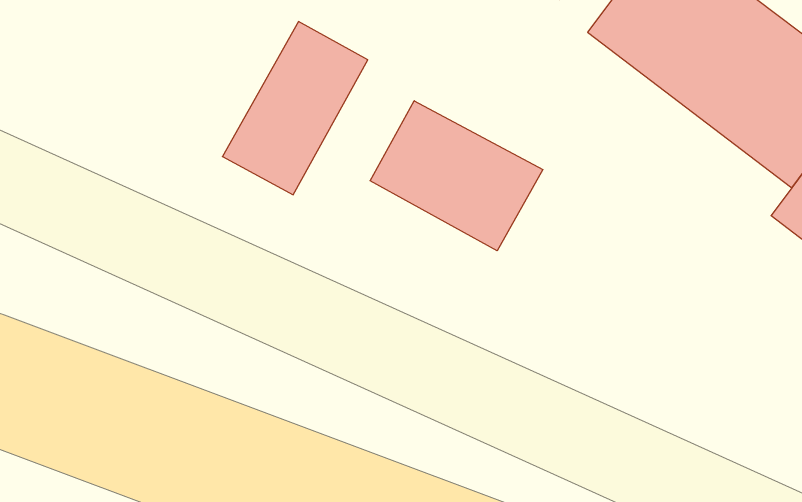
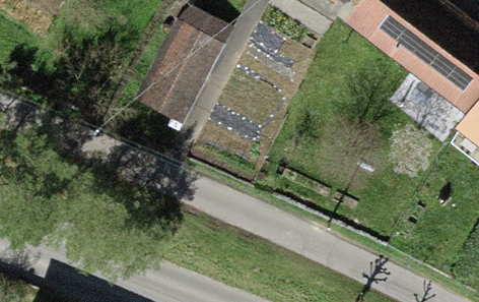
building: [370,101,543,251] -> none

